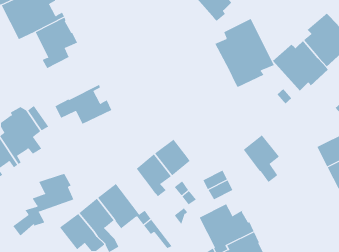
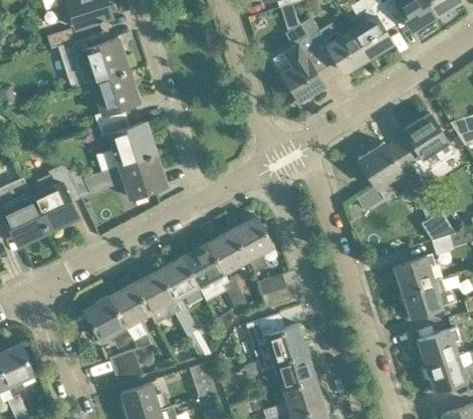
building: [215,18,274,88] -> none
building: none -> [95,118,157,171]
building: [243,135,280,183] -> [232,216,273,272]
building: none -> [158,257,198,309]
building: [13,173,74,236] -> none

